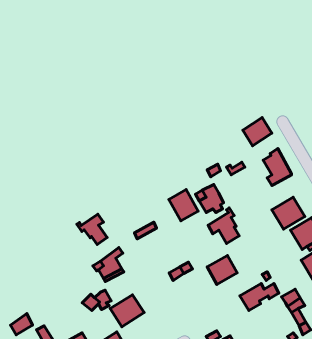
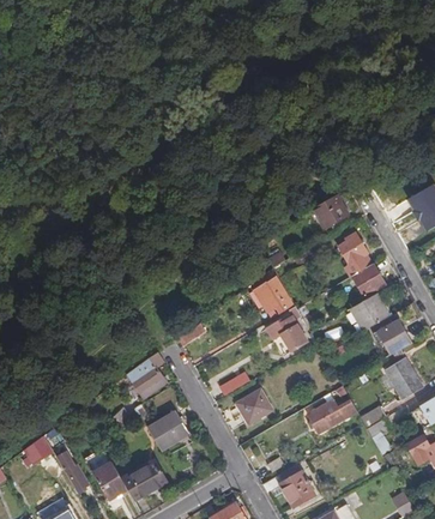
building: none -> [350,265,383,297]
building: [169,189,198,221] -> none
building: [77,214,107,244] -> none
building: [207,255,237,284] -> [236,388,273,424]

